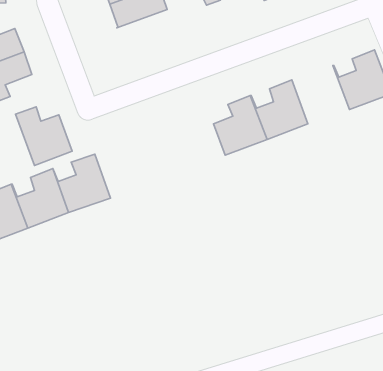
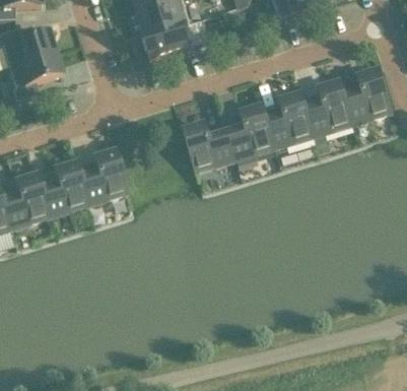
building: none -> [141,20,193,58]
building: none -> [300,81,352,134]
building: [15,107,72,166] -> none
building: none -> [183,122,234,171]

